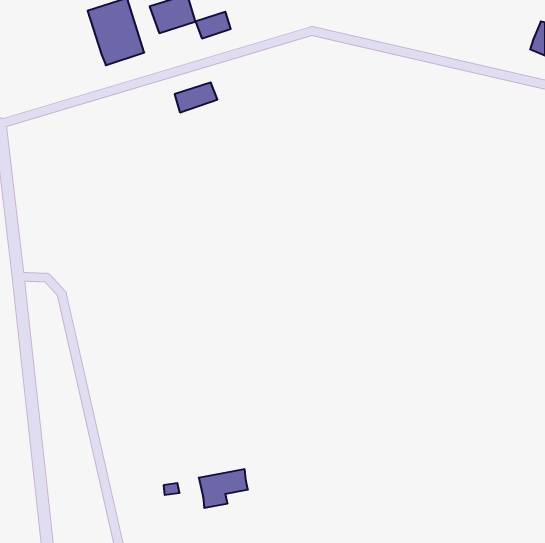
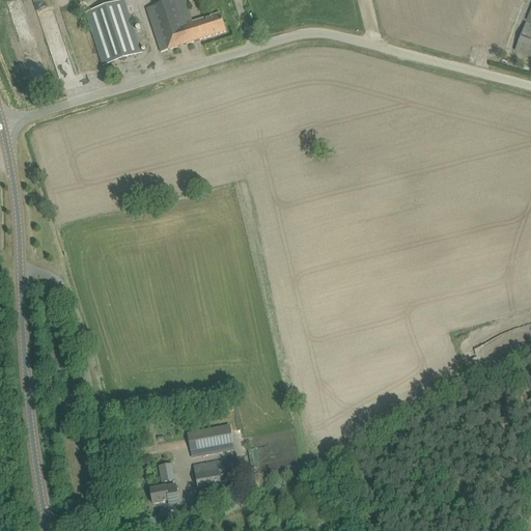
building: [175,83,217,112] -> [155,21,196,50]
building: none -> [187,424,231,450]
building: none -> [149,483,177,503]

